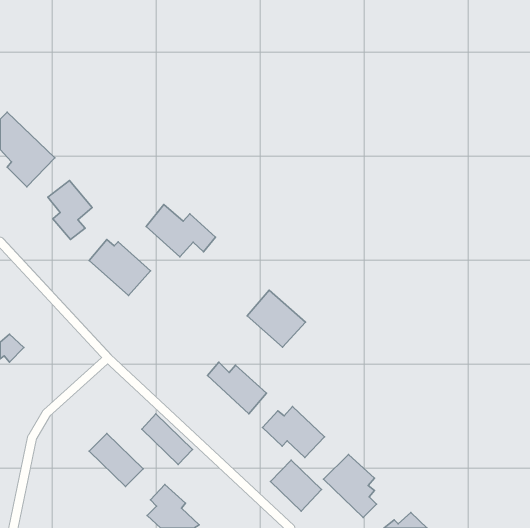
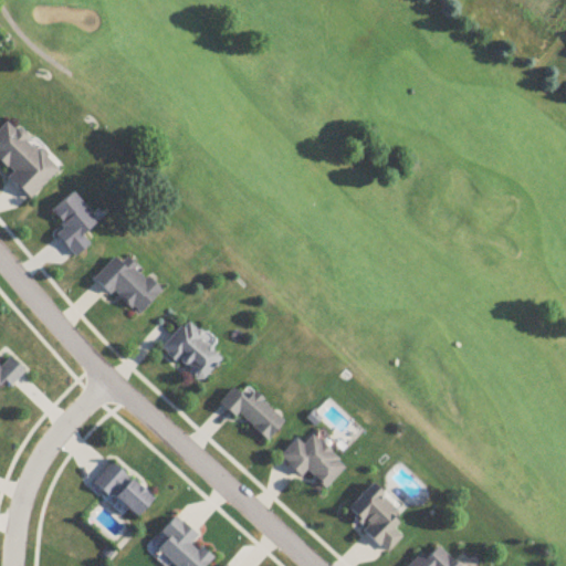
building: [146,204,216,257] -> none
building: [247,290,305,347] -> [161,321,223,381]
building: [142,414,192,465] -> none
building: [271,460,322,511] -> none

